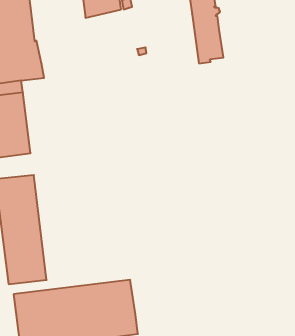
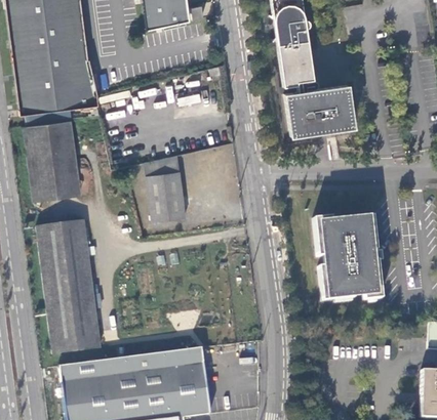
building: none -> [285,85,354,135]
building: none -> [146,156,186,221]
building: none -> [312,216,379,301]

